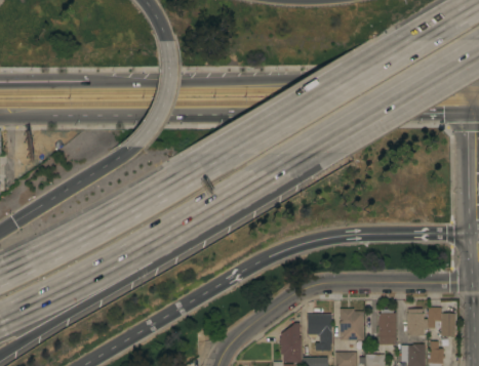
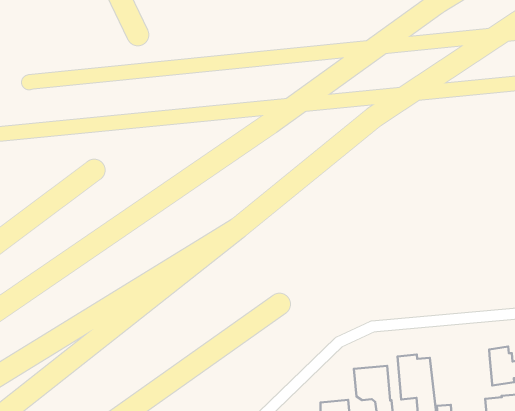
building: [378,309,396,343] -> none

